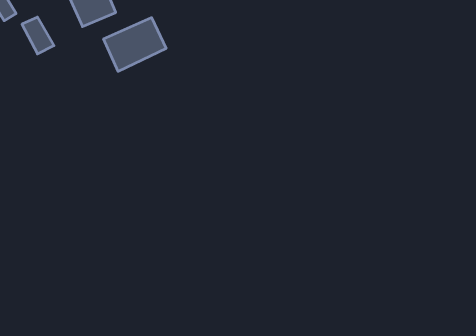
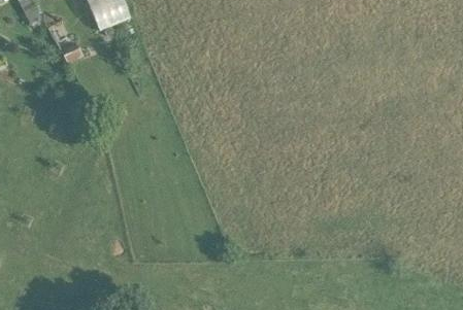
building: [104,18,166,71] -> none

